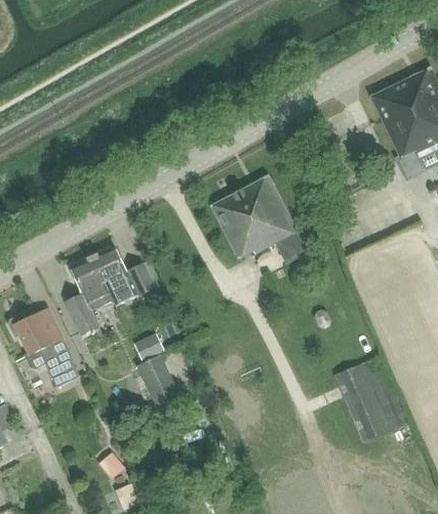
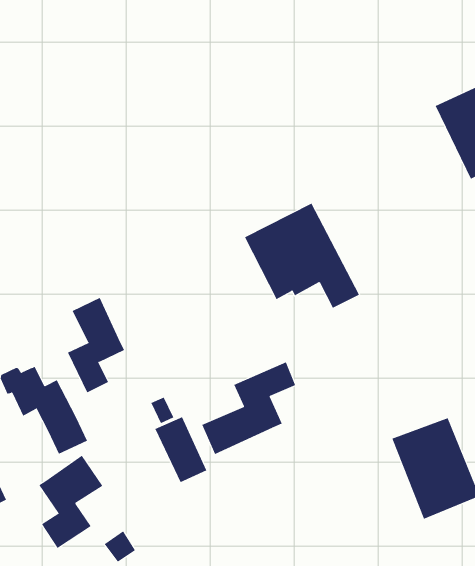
building: [91,245,154,307] -> none
building: none -> [201,361,296,455]
building: none -> [39,455,103,549]

